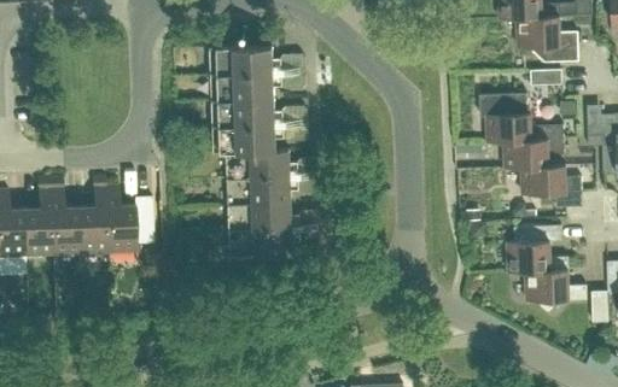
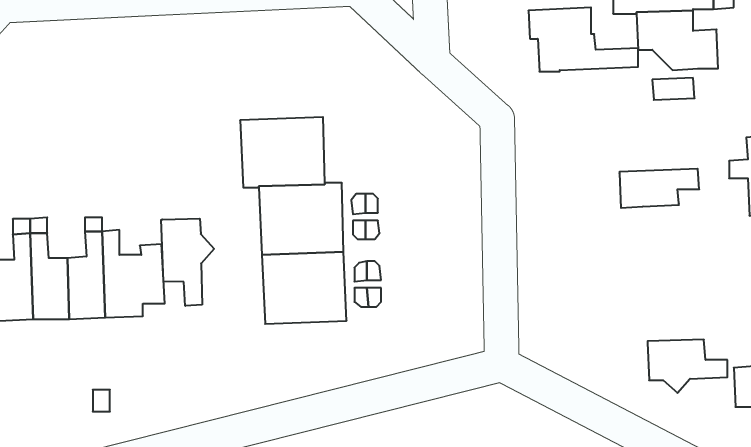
building: [210,46,275,101] -> none
building: [479,93,564,142] -> [528,7,638,72]
building: [521,165,583,207] -> none
building: none -> [161,219,214,306]
building: [507,225,569,272] -> none

